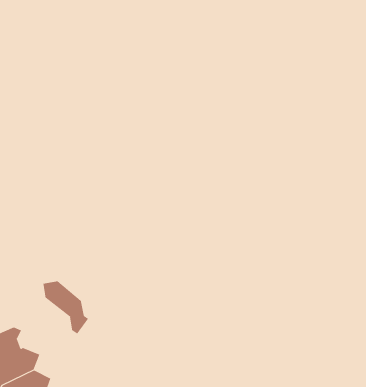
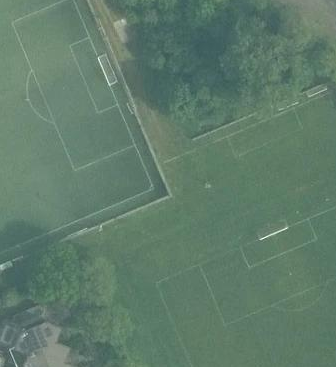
building: [43,280,89,335] -> none

